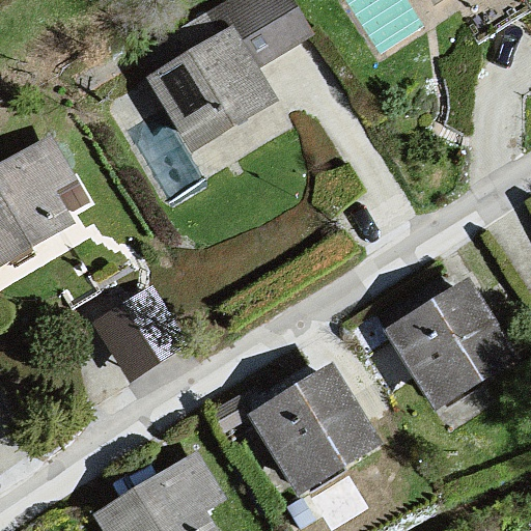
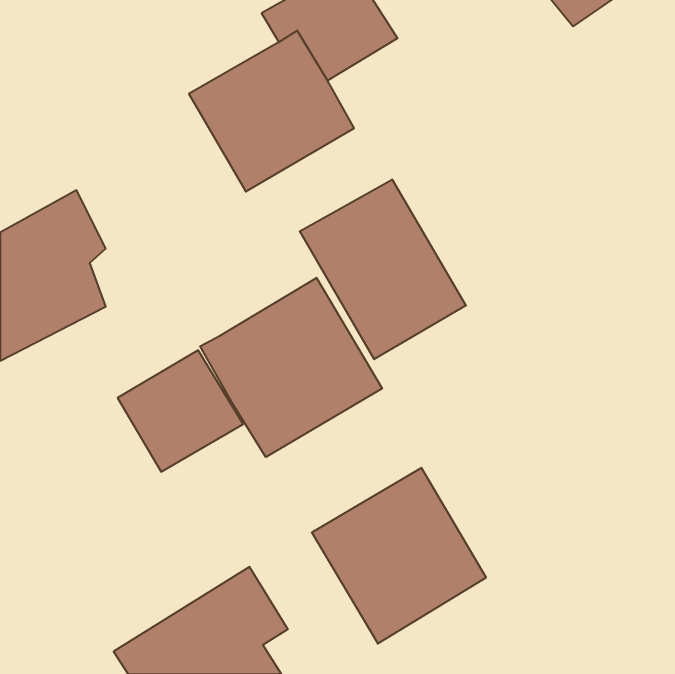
building: none -> [300,179,466,359]
building: none -> [200,278,382,457]
building: [382,273,518,410] -> none

